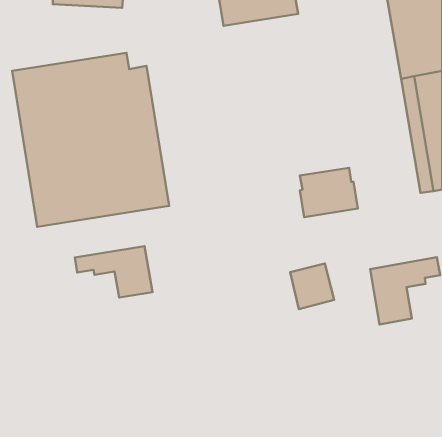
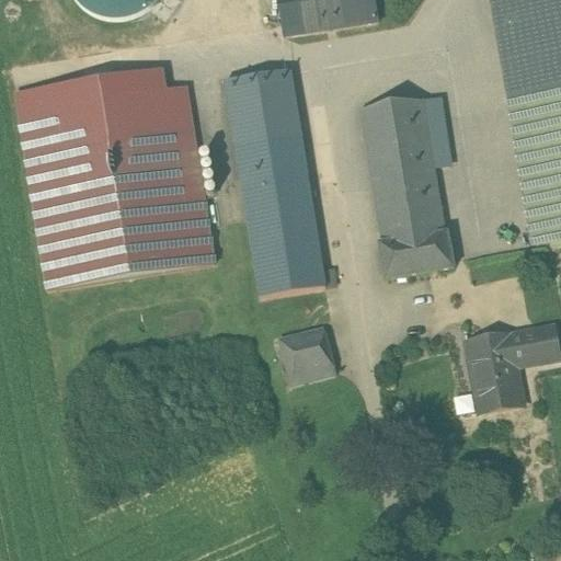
building: none -> [225,67,325,295]
building: none -> [359,93,449,222]
building: [75,246,153,297] -> none
building: [290,263,334,309] -> [278,325,334,383]

